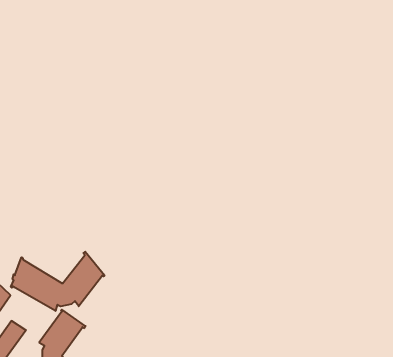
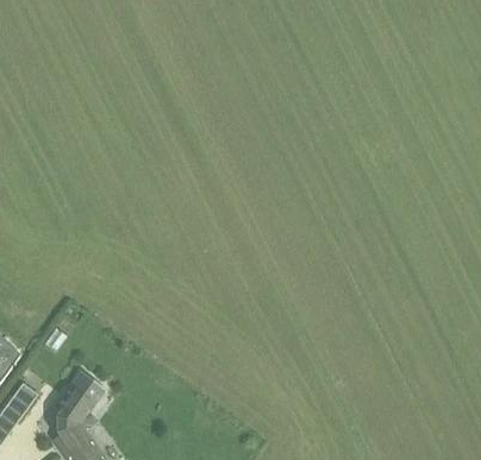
building: [11,252,104,311] -> none

